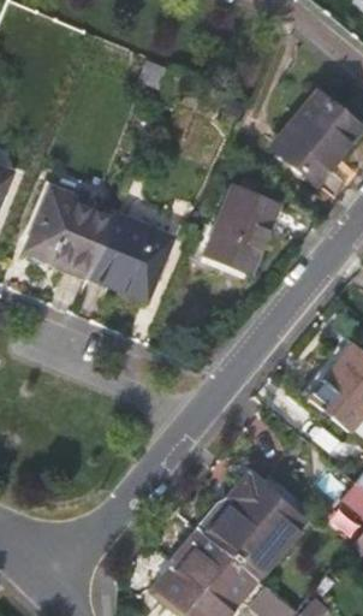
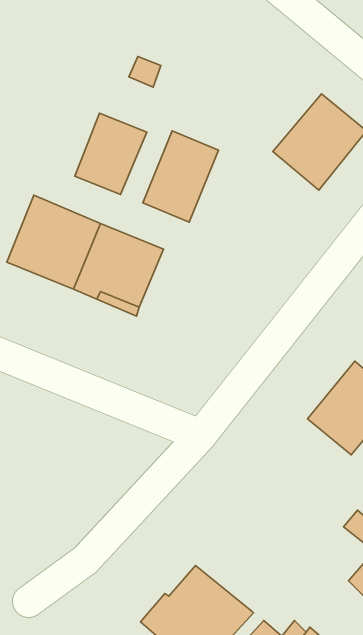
building: none -> [75,113,147,195]
building: [209,188,280,273] -> [143,131,219,222]
building: [204,475,304,579] -> none

